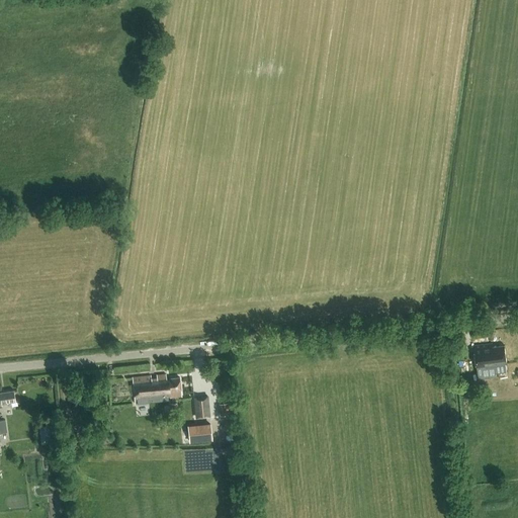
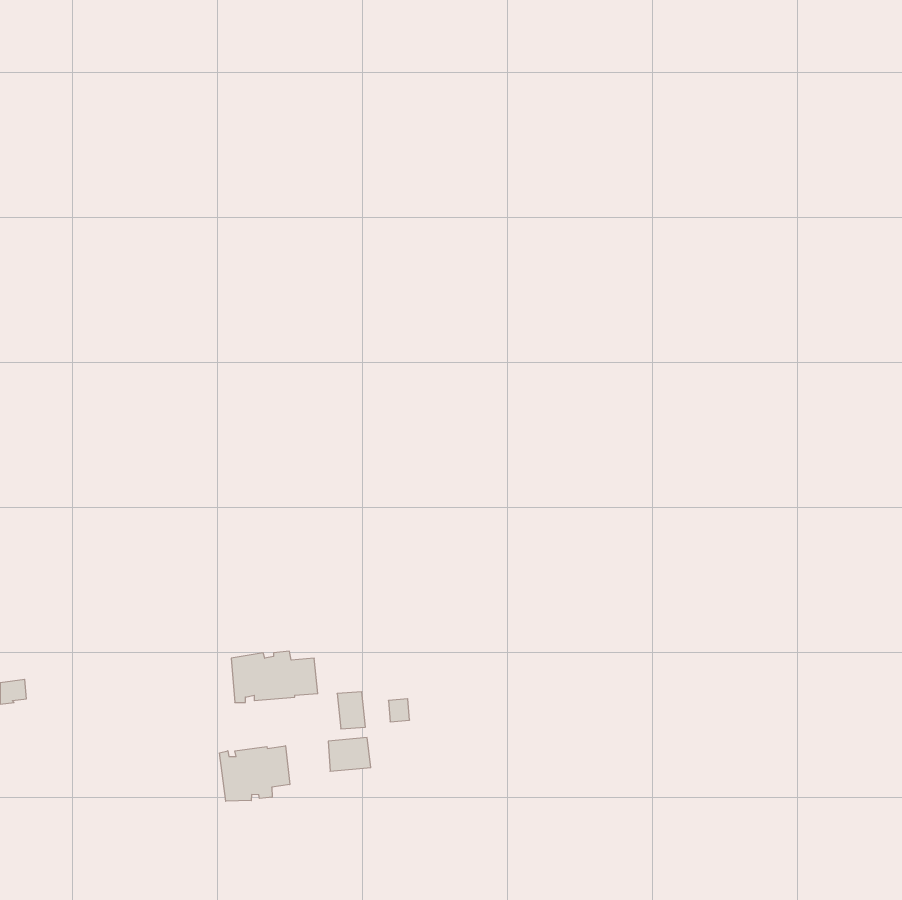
building: [473,344,507,371] -> none
building: none -> [220,746,290,801]

